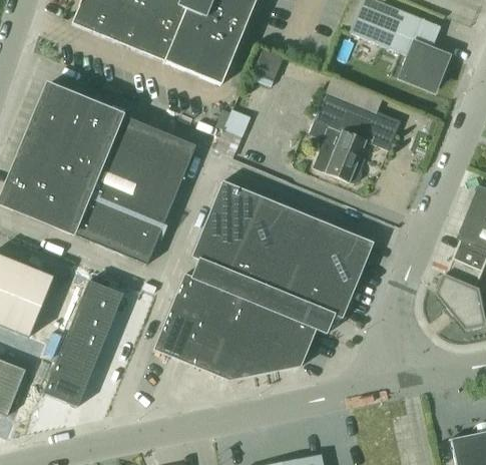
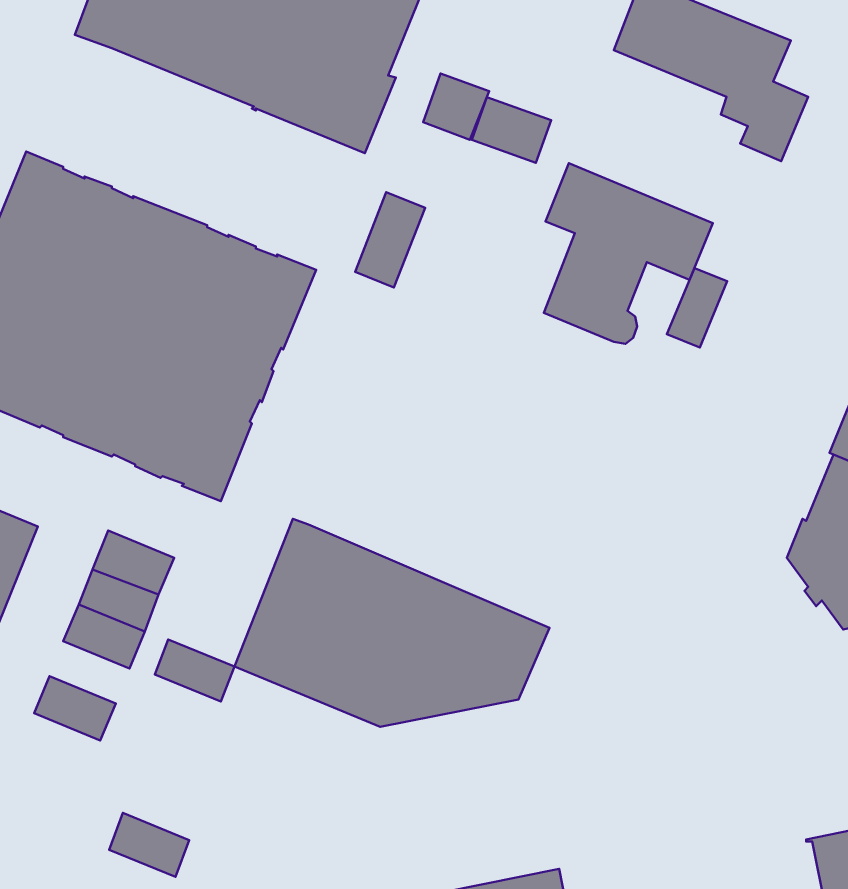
building: none -> [472,97,551,163]
building: none -> [667,268,727,347]
building: [191,179,374,333] -> none
building: [59,336,100,368] -> [155,639,234,702]
building: [44,373,85,406] -> [109,813,189,877]

